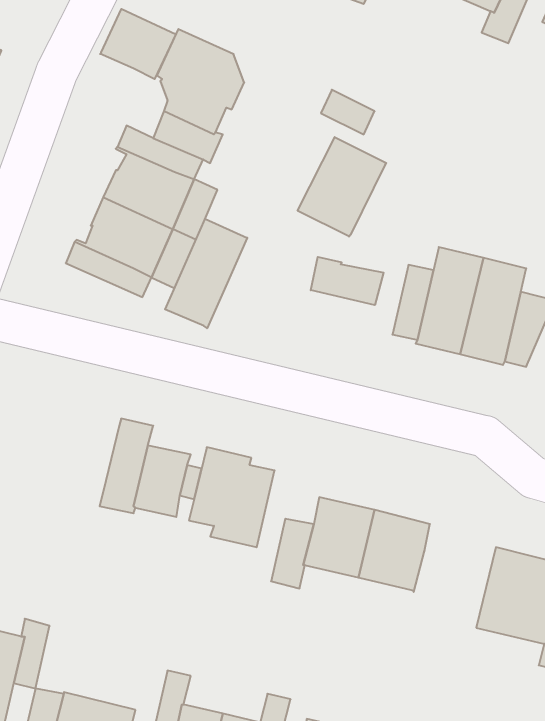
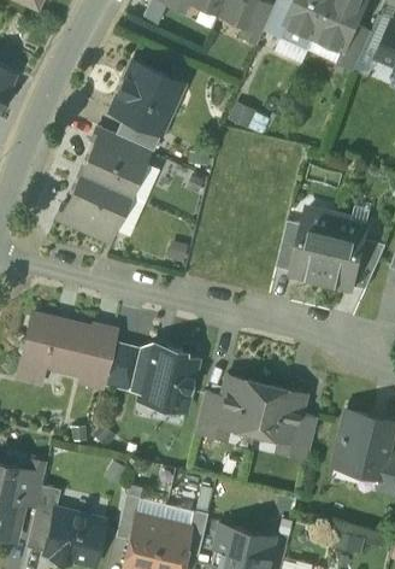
building: [100,9,176,79] -> none
building: [298,137,386,237] -> none
building: [165,219,247,328] -> none
building: [311,257,384,305] -> none
building: none -> [18,313,92,373]
building: none -> [285,412,316,459]

